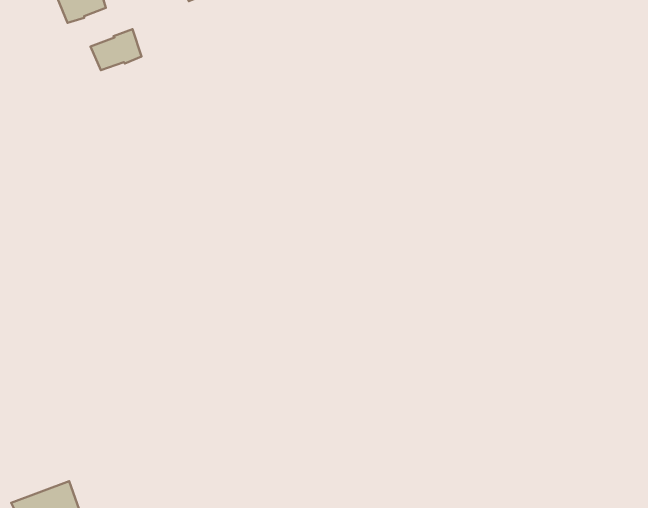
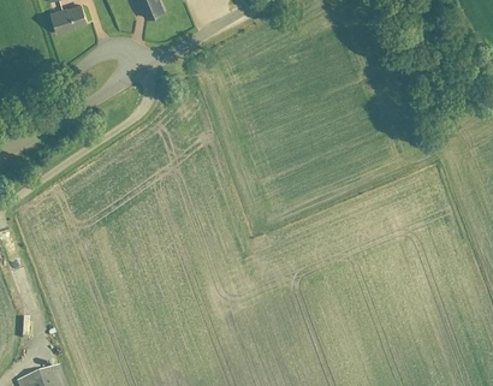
building: [90,29,142,70] -> none

